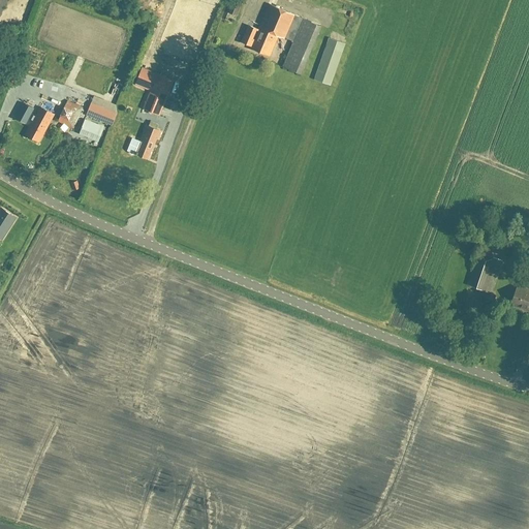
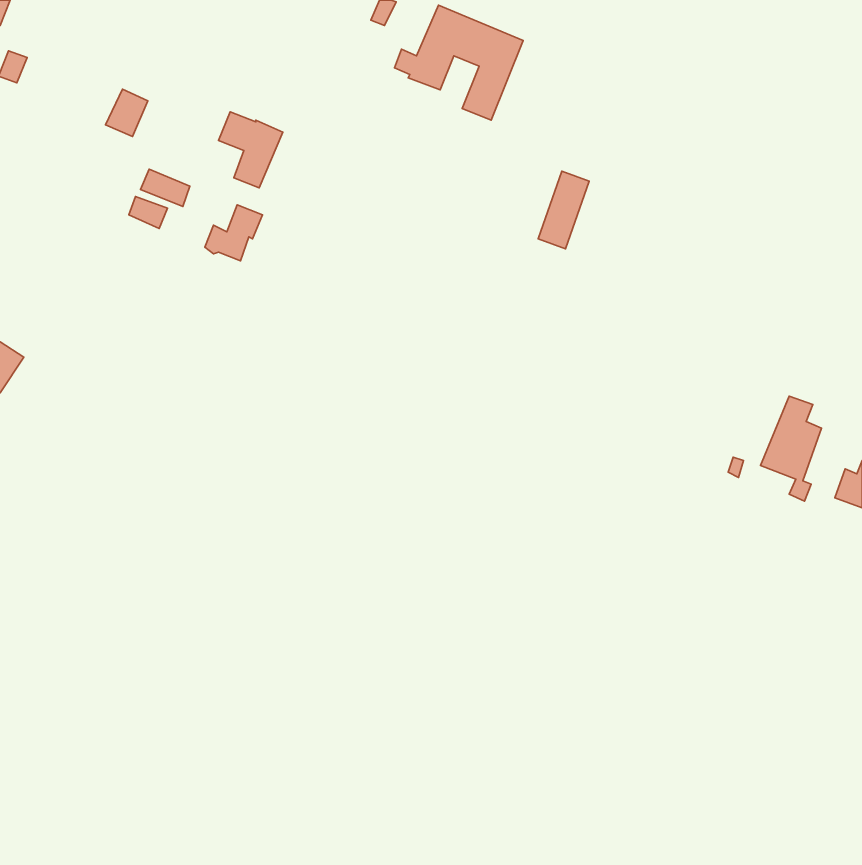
building: [313,37,344,85] -> [538,171,589,249]
building: [56,100,82,129] -> [105,89,148,137]
building: [25,107,53,143] -> none

